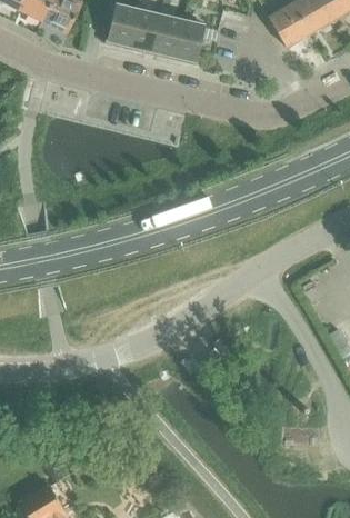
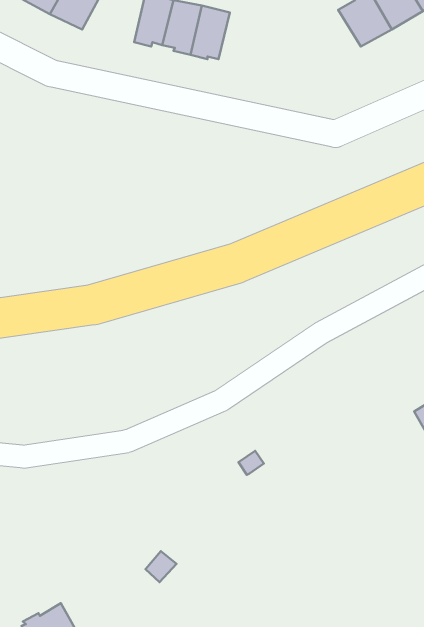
building: [174,19,206,63] -> none

